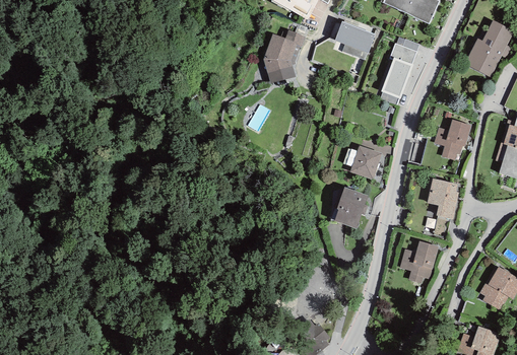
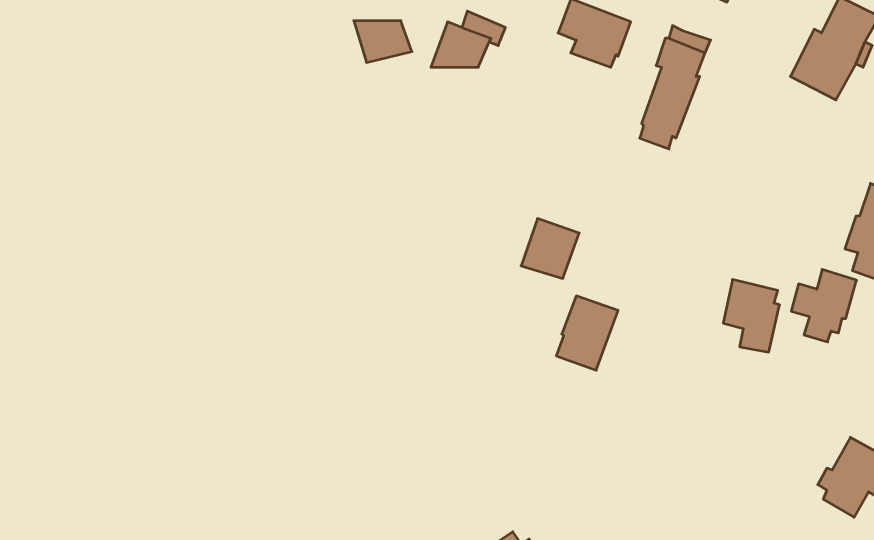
building: [263,59,296,82] -> [354,21,412,62]
building: [434,119,470,159] -> [791,269,857,342]
building: [349,145,382,179] -> [521,219,579,278]
building: [399,240,438,283] -> none

